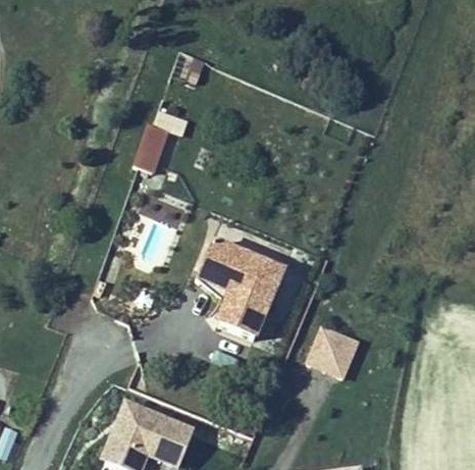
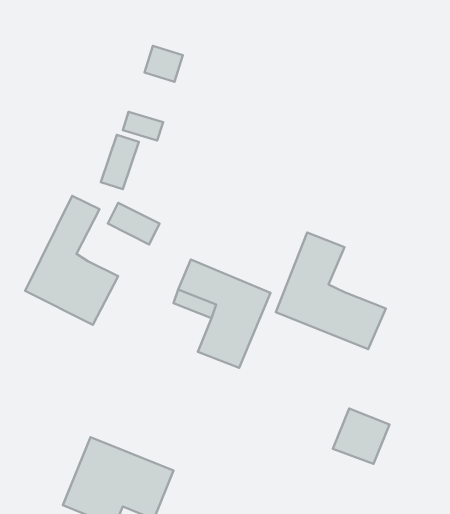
building: none -> [25,196,118,325]
building: none -> [276,232,386,349]
building: [307,330,357,379] -> [333,408,390,464]

